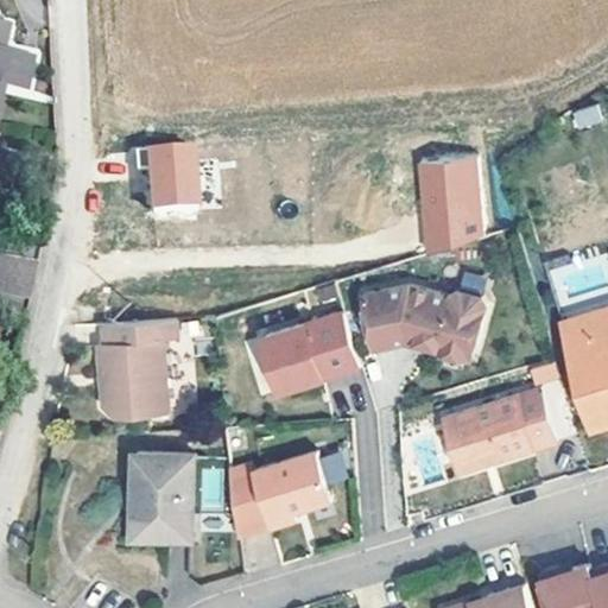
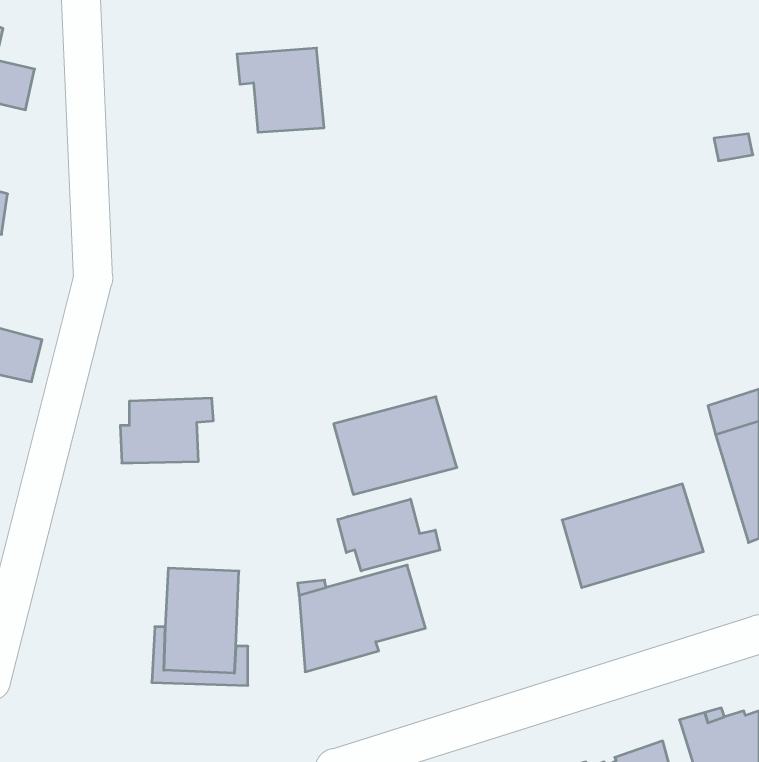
building: [127,145,196,211] -> [237,48,324,132]
building: [410,160,477,255] -> none
building: [362,283,482,356] -> none
building: [97,369,159,413] -> none
building: none -> [338,499,440,571]

